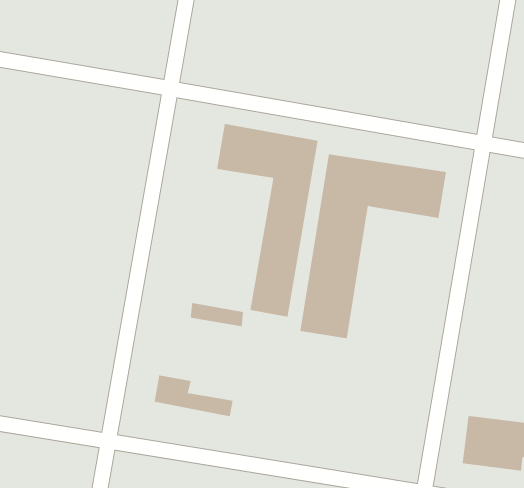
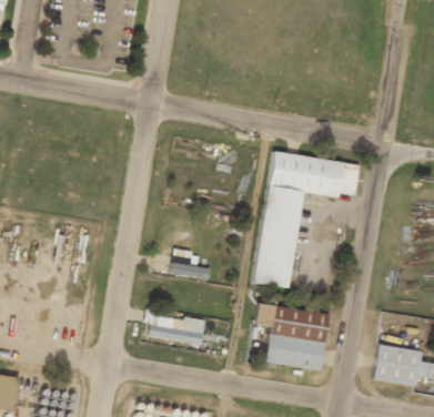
building: [217,123,318,317] -> none
building: none -> [255,304,330,370]

